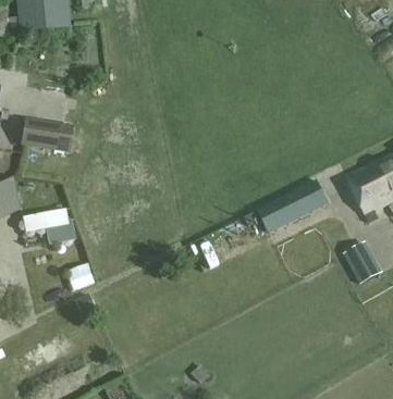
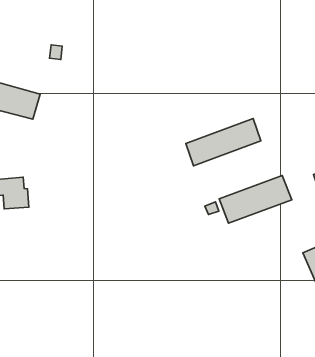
building: none -> [186,119,261,166]

